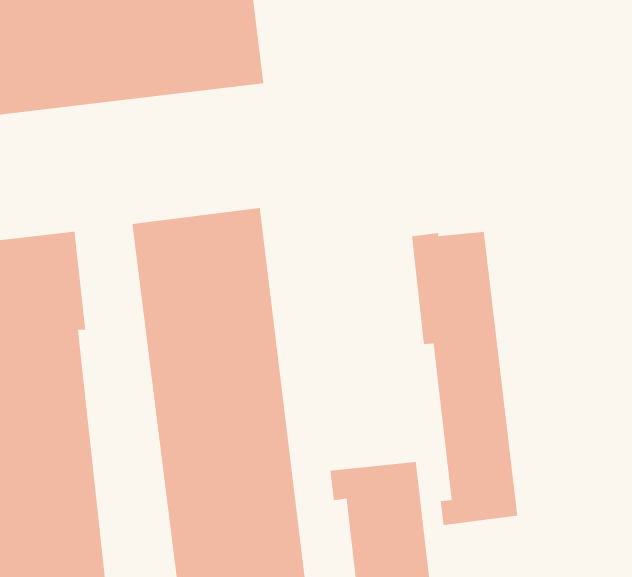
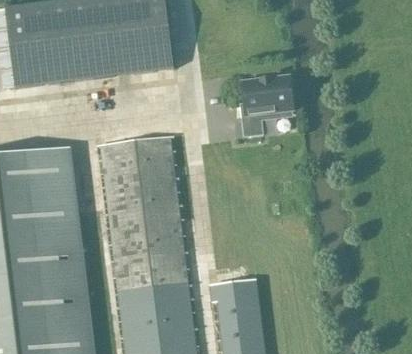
building: none -> [234,74,291,136]
building: [411,231,518,526] -> none

